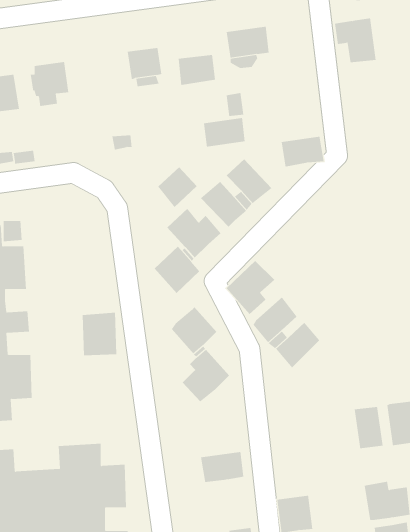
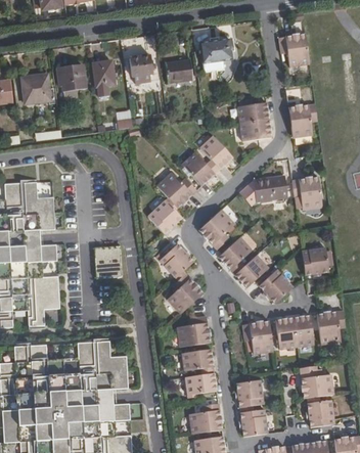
building: none -> [92,60,116,95]
building: none -> [288,103,317,137]
building: [203,118,246,147] -> [237,101,268,123]
building: [157,166,198,208] -> none
building: none -> [238,175,287,206]
building: none -> [291,176,322,209]
building: none -> [302,246,328,274]
building: none -> [259,268,292,303]
building: none -> [177,315,210,347]
building: none -> [275,317,297,348]
building: none -> [242,320,273,353]
building: none -> [185,372,217,394]

